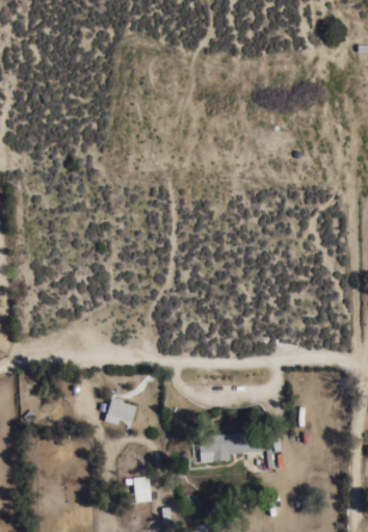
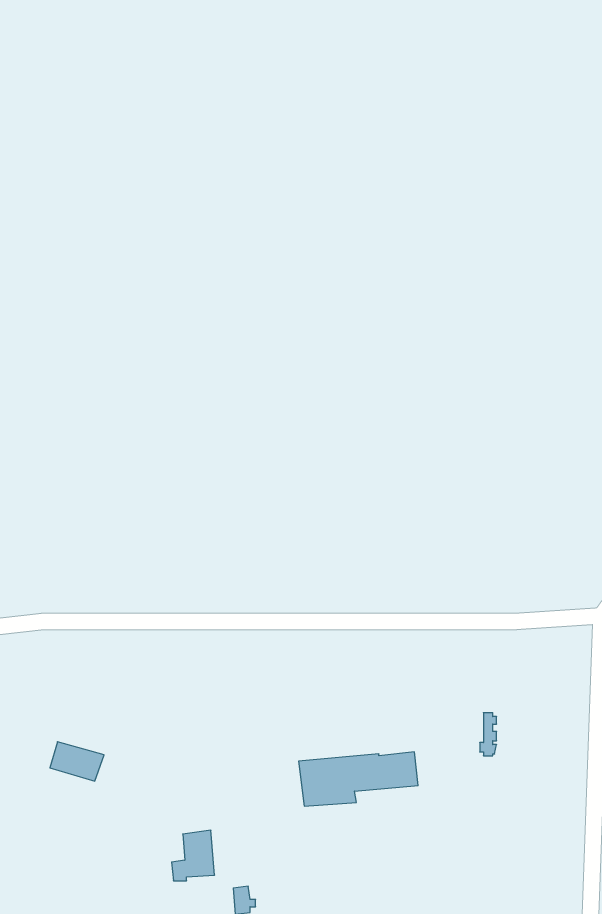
building: [106,399,136,421] -> [50,742,104,781]

